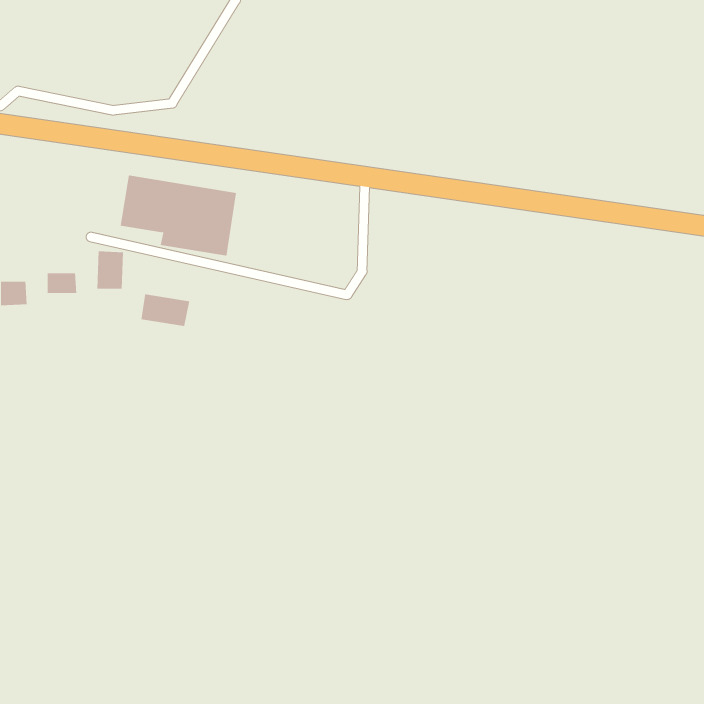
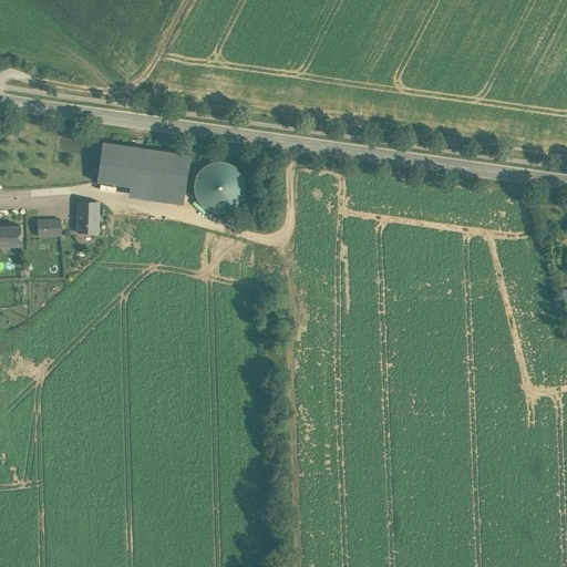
building: none -> [189,159,240,212]
building: [141,293,190,327] -> none

